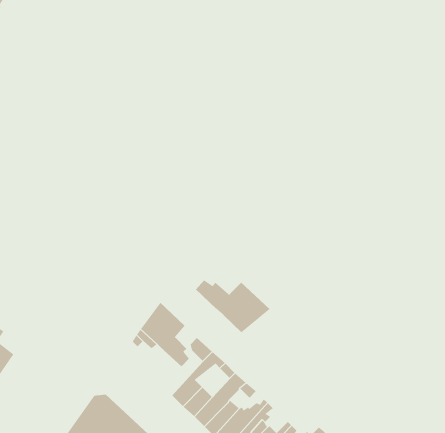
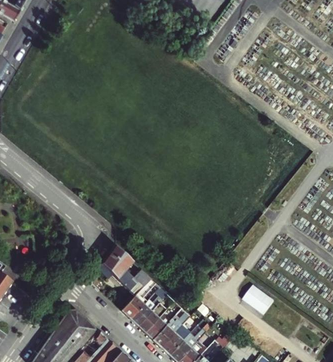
building: [195,279,270,333] -> none
building: none -> [243,284,274,314]

